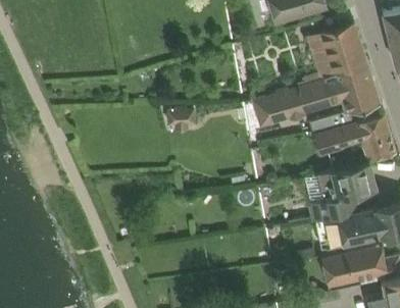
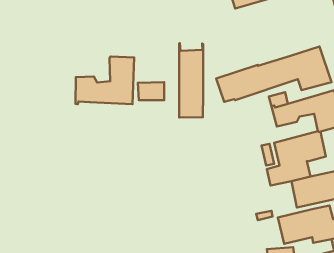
building: [297,25,367,88] -> none
building: none -> [179,43,203,118]
building: none -> [75,57,134,104]

